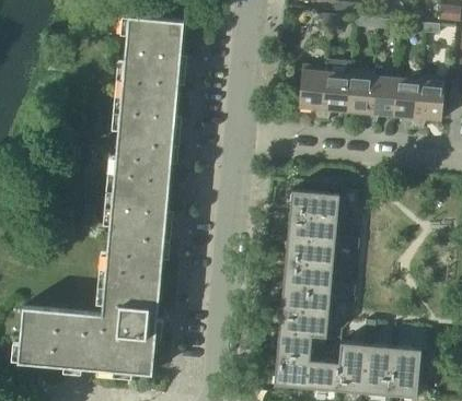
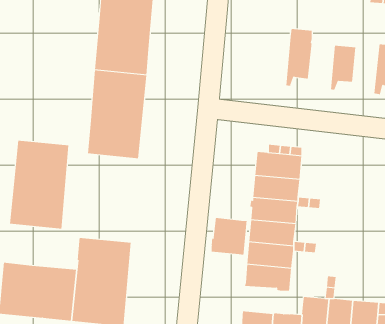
building: [300,66,327,119] -> none
building: [347,70,374,123] -> none
building: [394,75,421,128] -> none
building: [104,191,168,285] -> [9,140,69,229]
building: none -> [211,217,247,255]
building: [277,331,313,361] -> none

